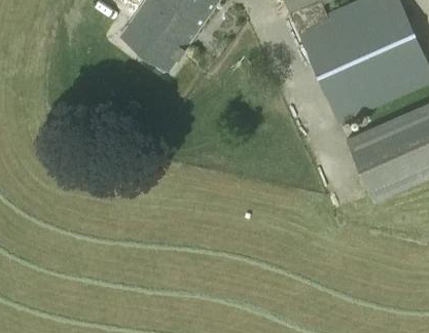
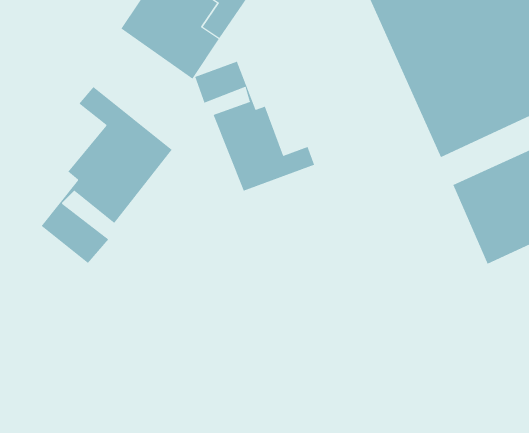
building: none -> [195,61,315,192]
building: none -> [41,86,173,264]

